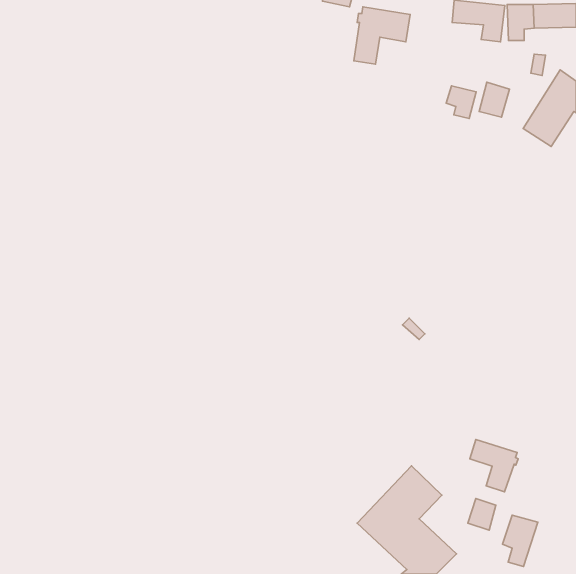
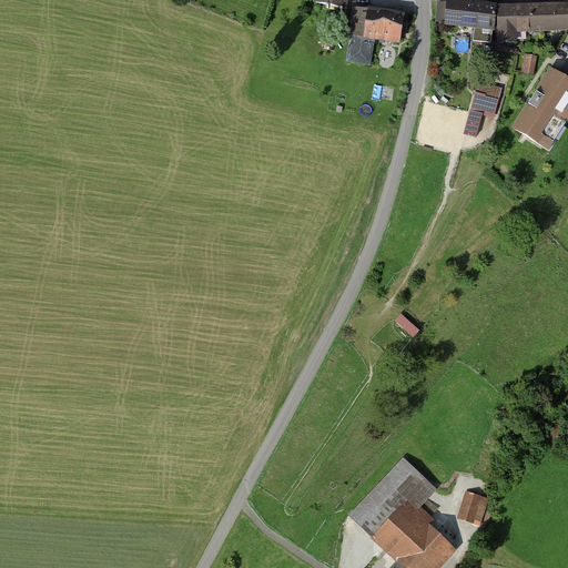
building: [446,86,476,119] -> none
building: [470,439,518,492] -> none
building: [502,515,538,566] -> none

